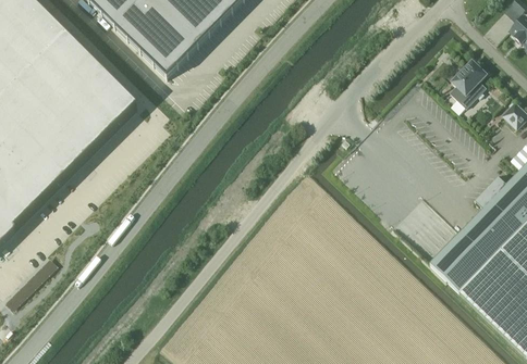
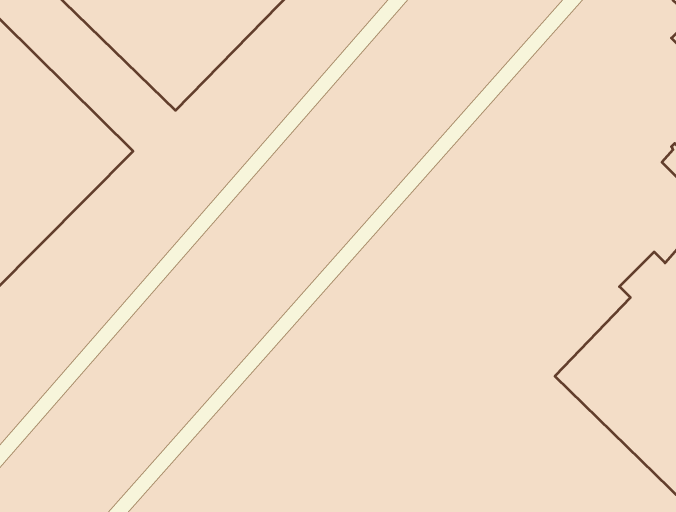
building: [450,61,486,108] -> none

